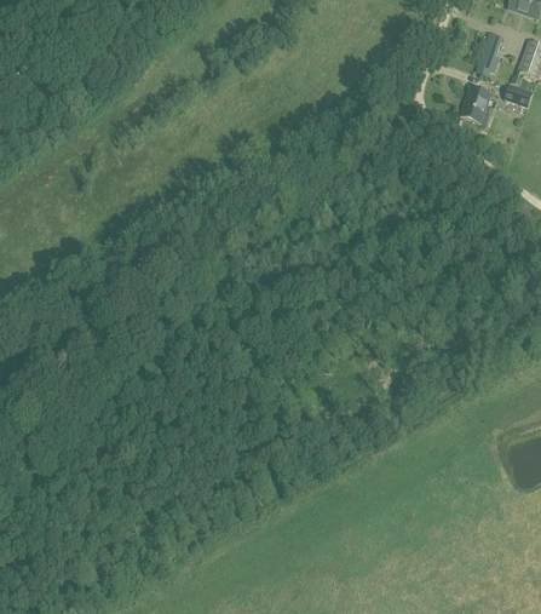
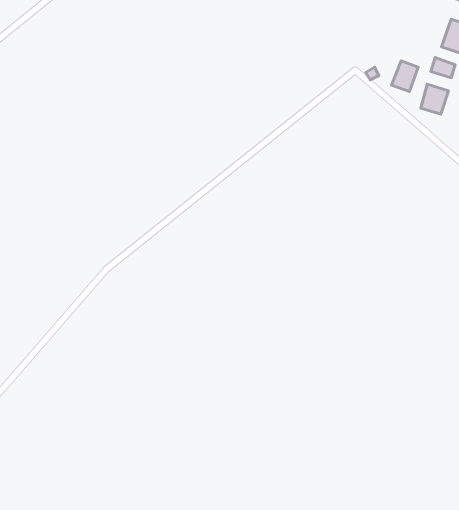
building: [478,31,502,70] -> none
building: none -> [421,84,448,114]

